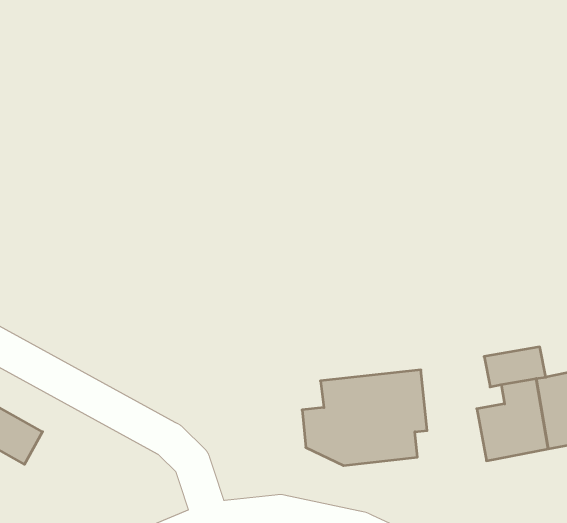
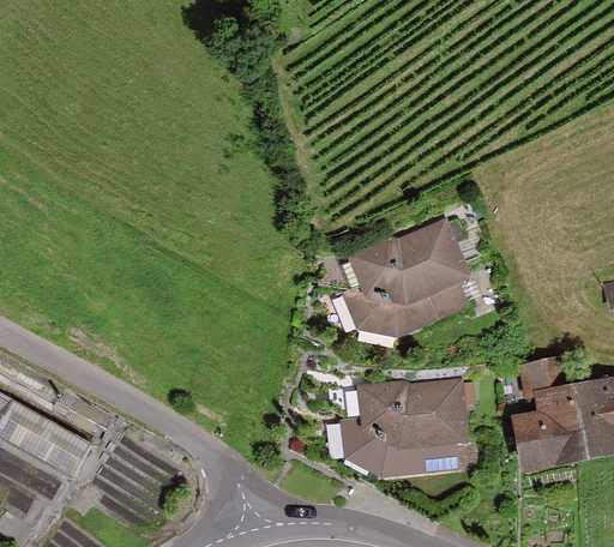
building: none -> [353,221,476,335]

